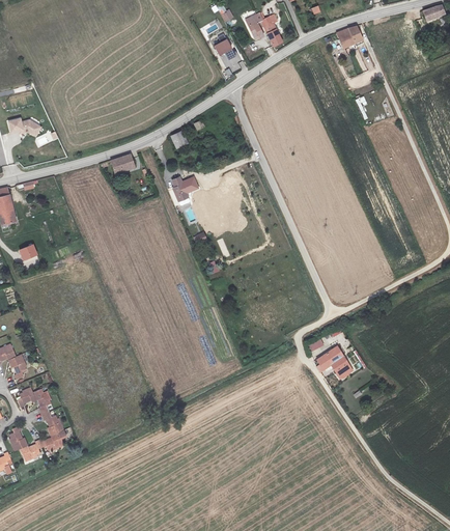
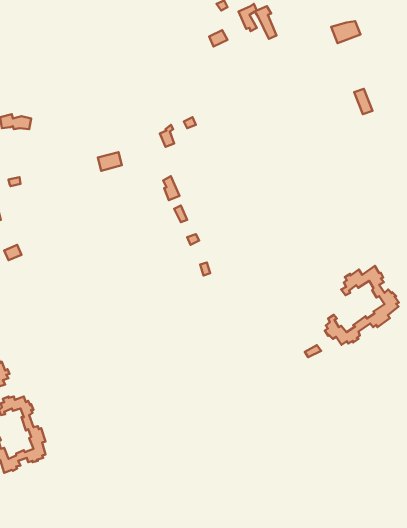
building: none -> [325,266,399,345]
building: [316,345,353,378] -> none

